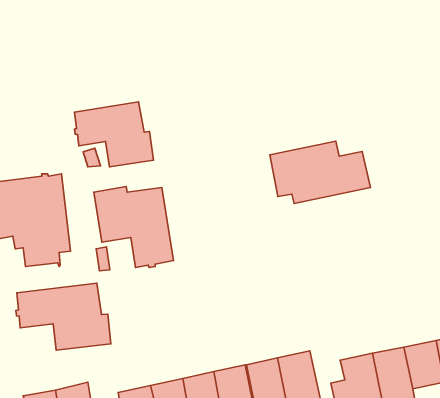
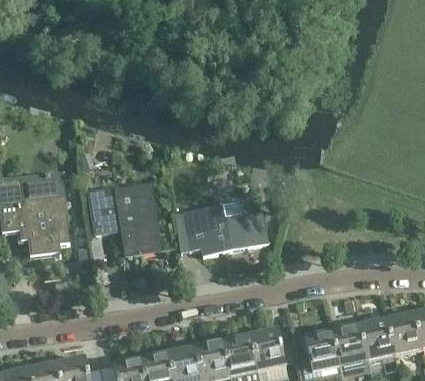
building: [74,102,153,167] -> none
building: [270,141,370,204] -> [182,202,269,256]
building: [16,283,111,350] -> none

